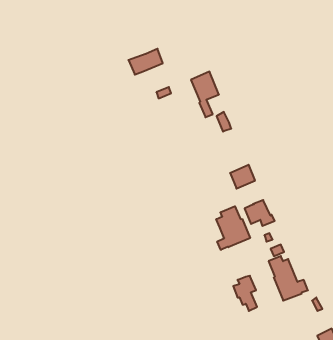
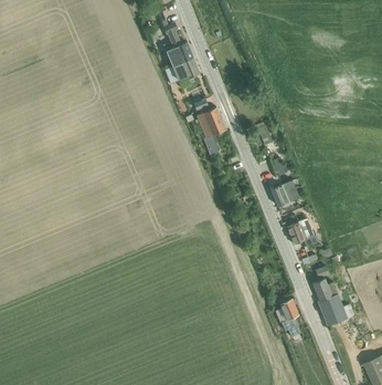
building: none -> [161,22,193,65]
building: [191,72,219,117] -> [195,105,225,154]
building: [216,206,250,250] -> none

